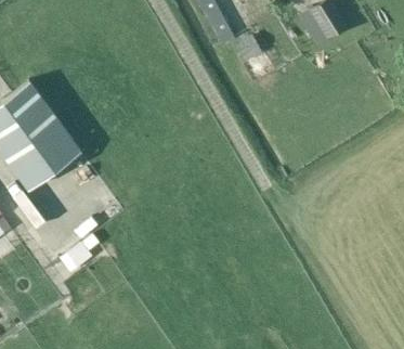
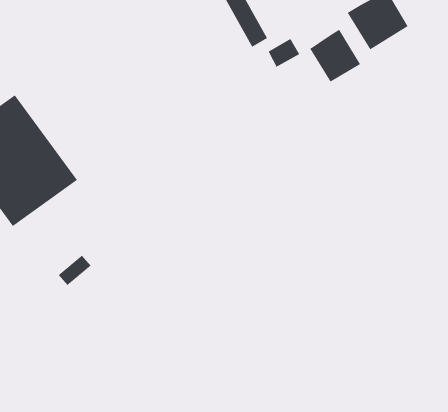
building: none -> [309,29,361,83]

